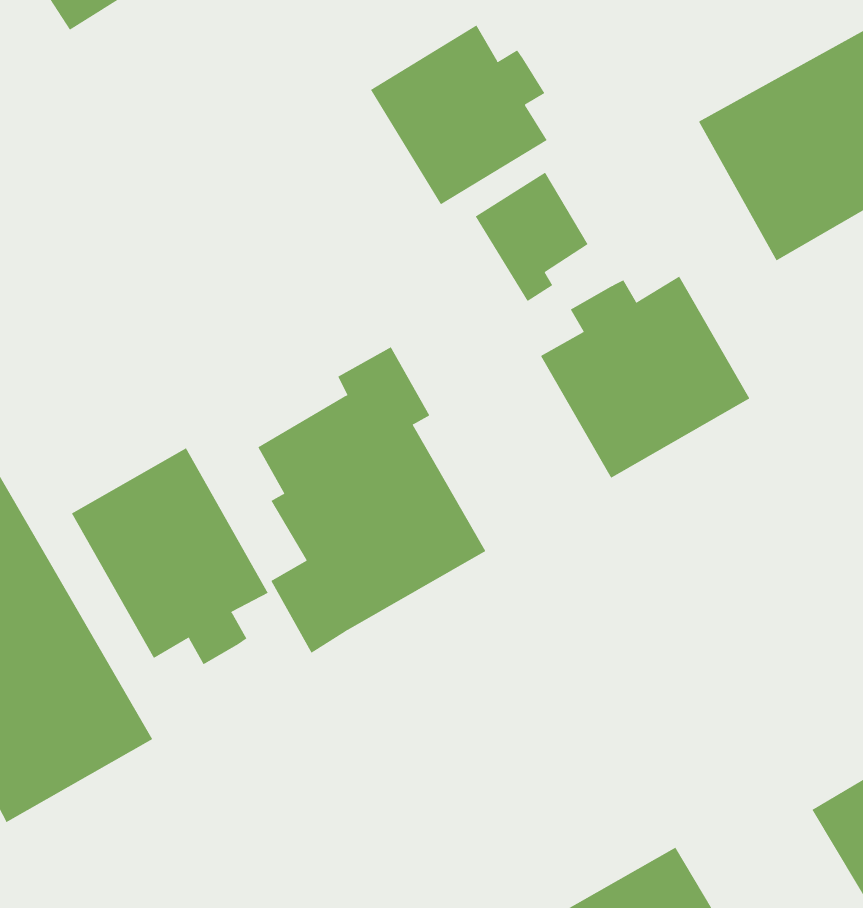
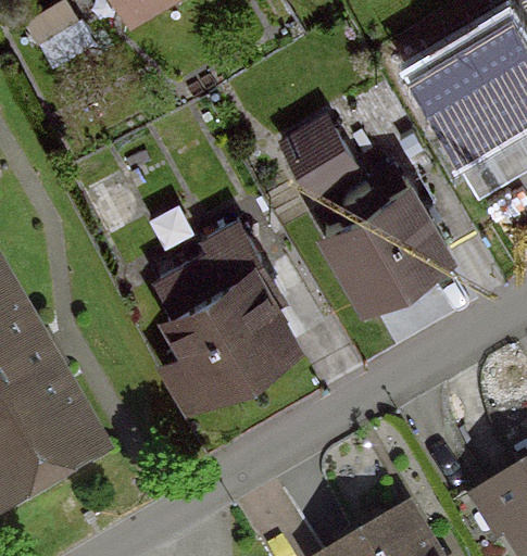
building: [370,24,547,205] -> none
building: [71,448,269,665] -> none

